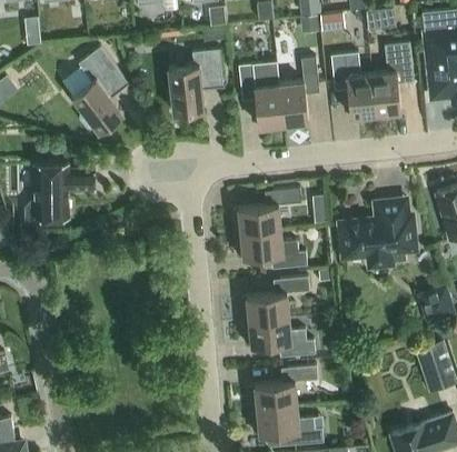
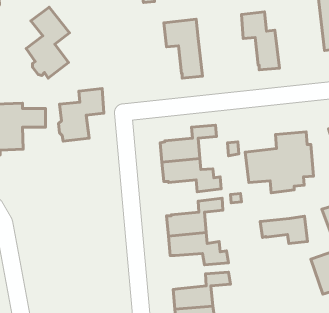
building: [371,43,414,120] -> none
building: [168,49,222,112] -> [59,88,104,141]
building: [279,58,319,130] -> none
building: none -> [260,216,307,244]

